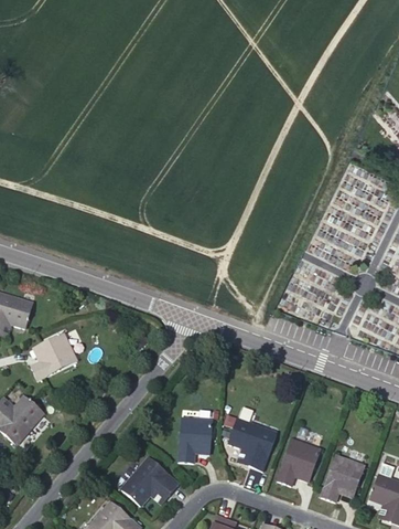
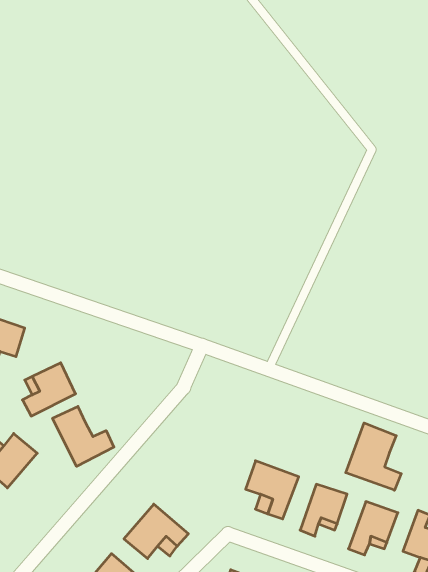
building: none -> [53,406,114,466]
building: none -> [346,423,401,490]
building: [177,417,211,463] -> none

